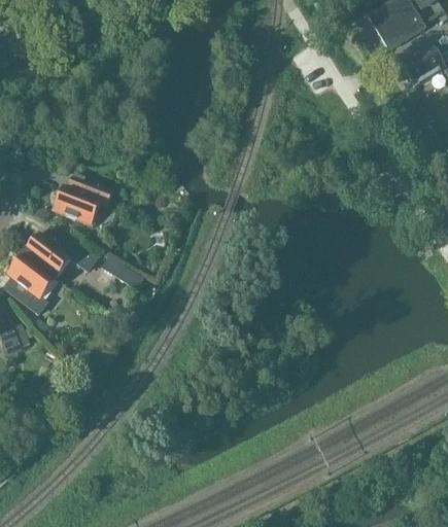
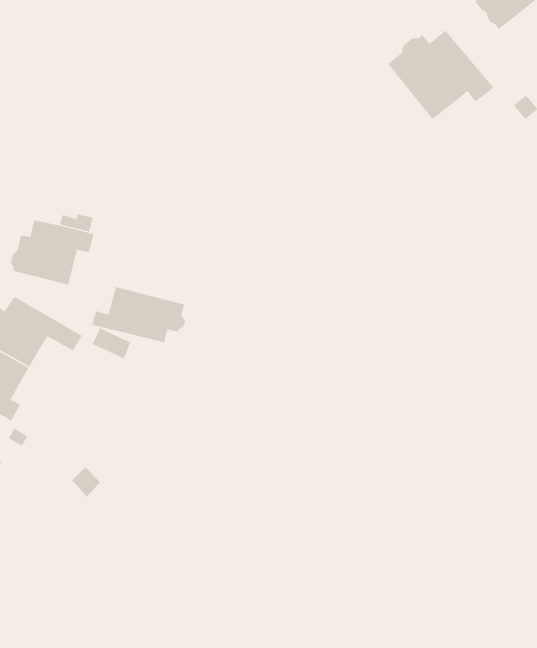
building: none -> [387,30,494,120]
building: none -> [91,286,186,343]

